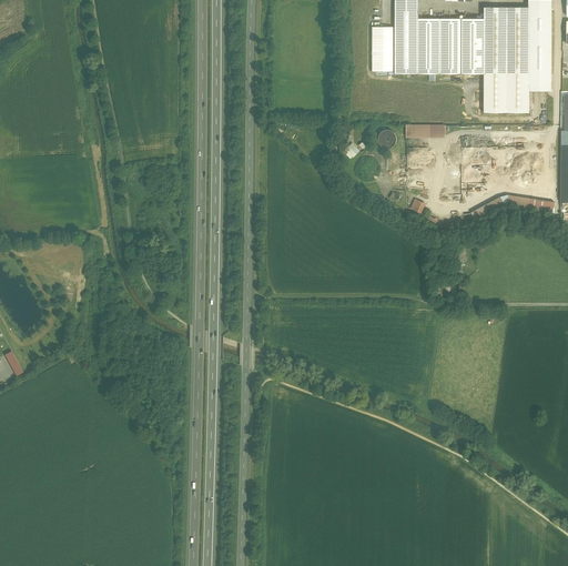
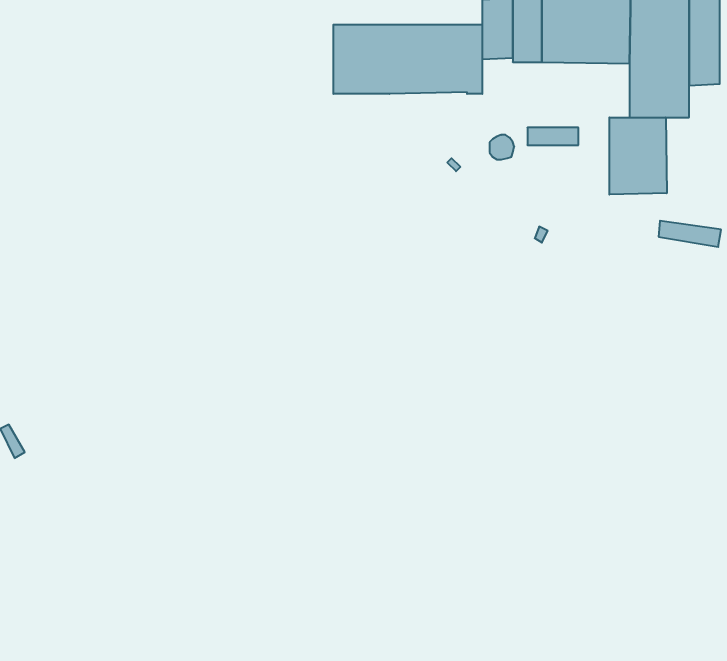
building: none -> [333,25,482,94]
building: none -> [609,117,667,195]

